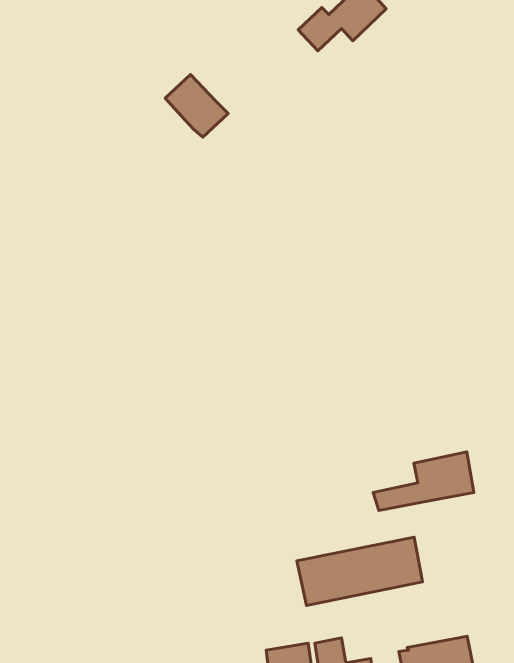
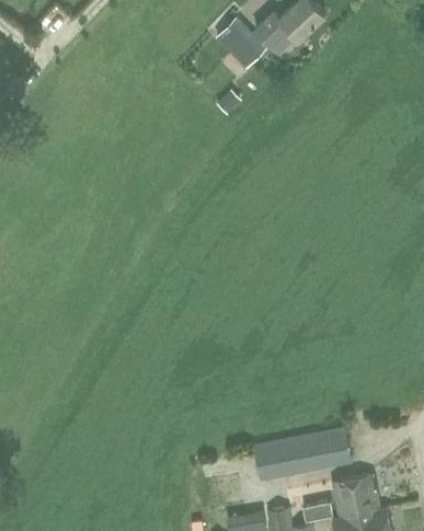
building: [165,74,228,137] -> [215,20,264,69]
building: [373,452,474,511] -> [300,476,379,522]

